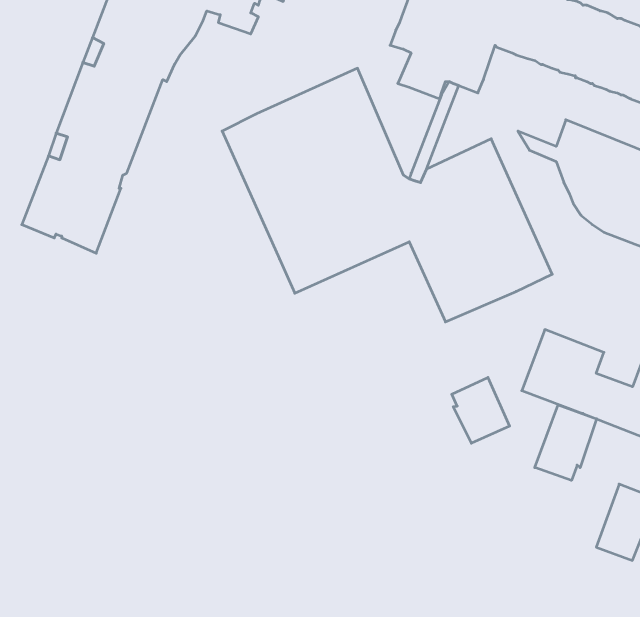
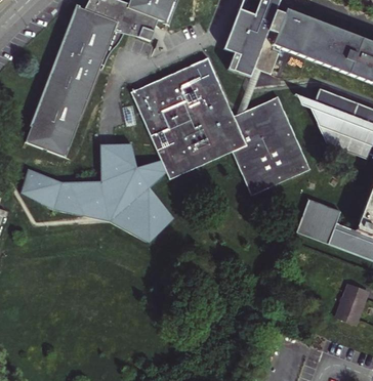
building: none -> [24,143,177,241]
building: [452,377,510,443] -> none
building: [535,405,597,480] -> none

